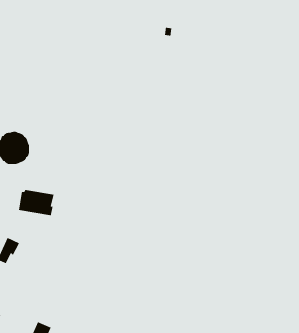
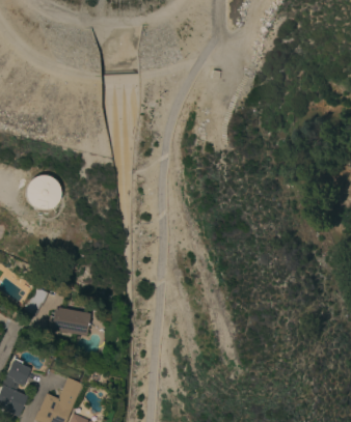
building: [18,189,54,216] -> [51,307,89,335]

